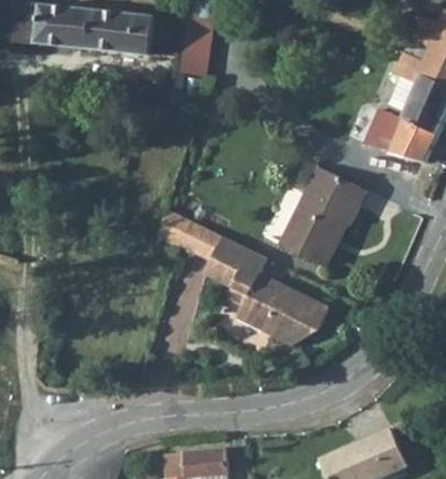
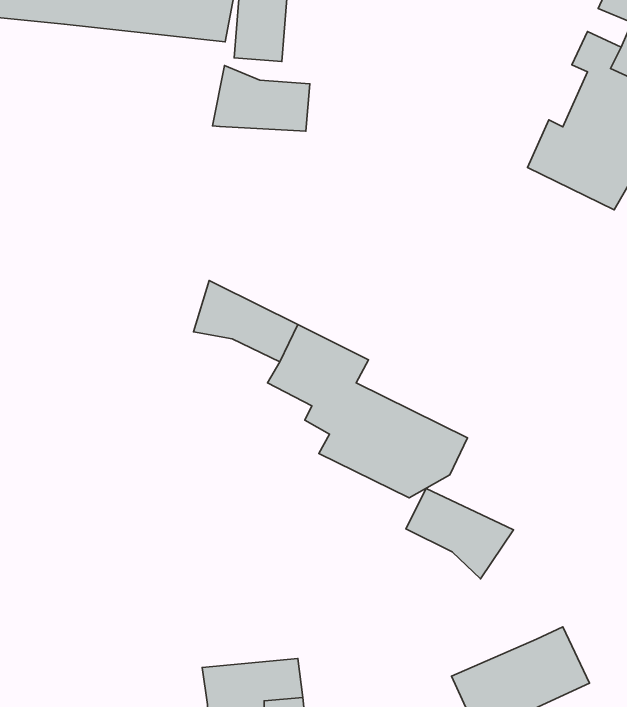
building: none -> [212,65,310,131]
building: [285,155,370,254] -> none
building: none -> [406,488,513,579]

